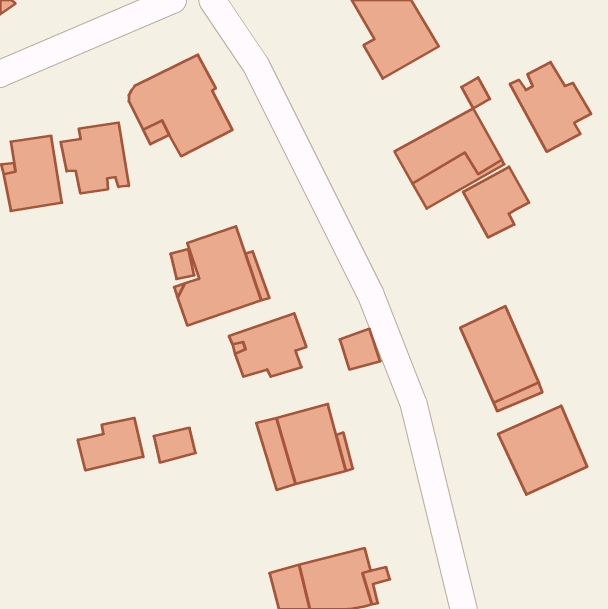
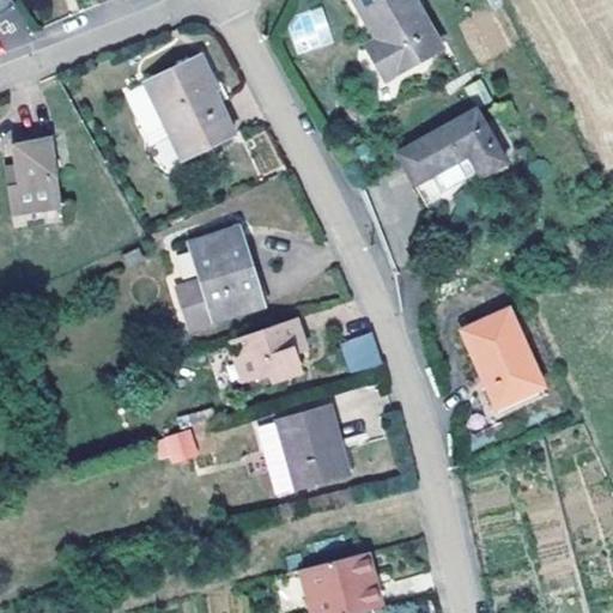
building: [510,62,591,152] -> none
building: [61,123,129,193] -> none
building: [463,167,529,237] -> none
building: [498,406,587,495] -> none
building: [78,418,143,470] -> none

